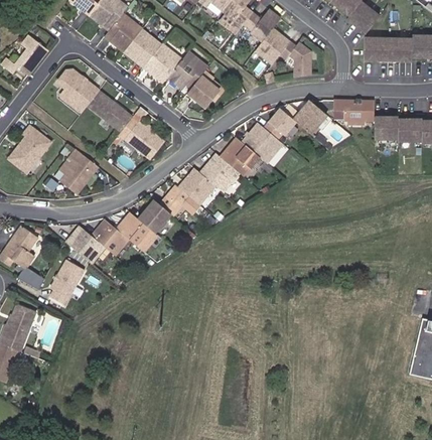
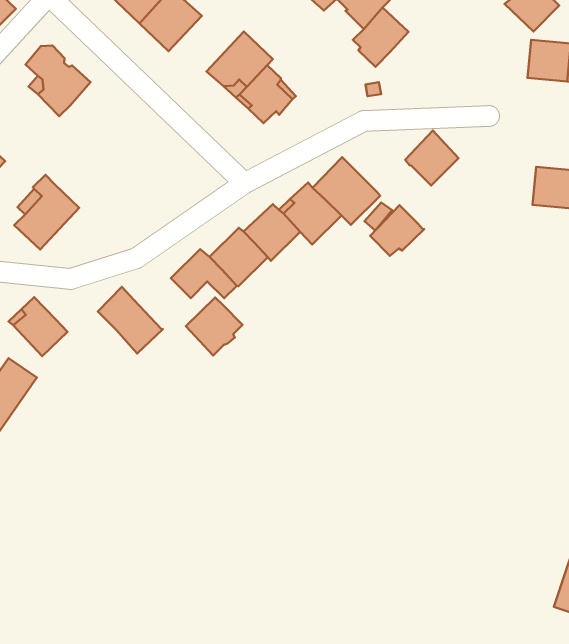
building: [278,41,310,77] -> none
building: [144,42,183,82] -> none
building: [88,90,134,131] -> none
building: [332,99,373,120] -> none
building: [265,109,297,140] -> [370,205,424,256]
building: [125,121,165,159] -> none
building: [137,199,171,235] -> [186,297,243,356]
building: [91,218,128,255] -> none

